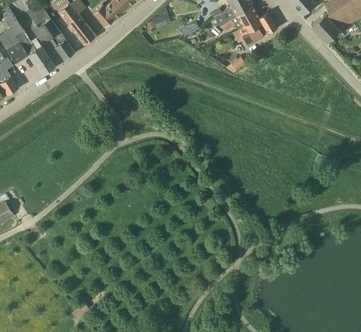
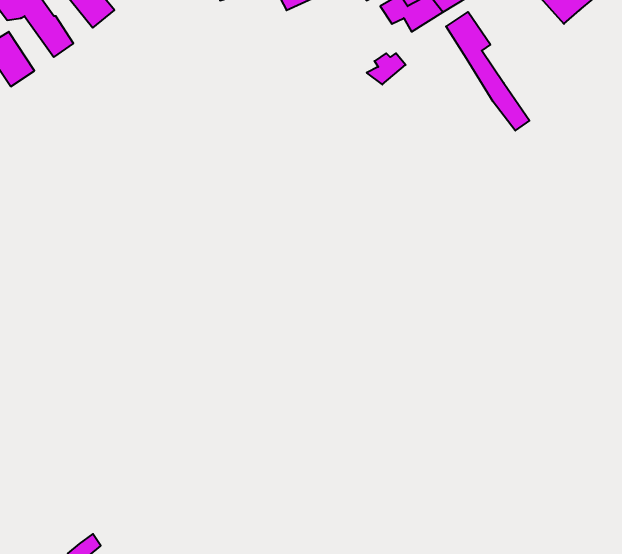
building: none -> [446,12,529,131]

